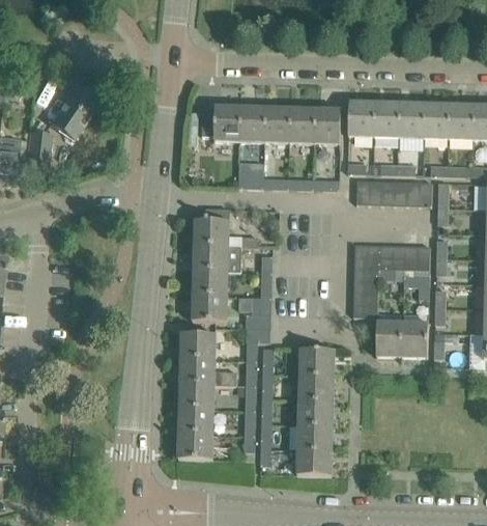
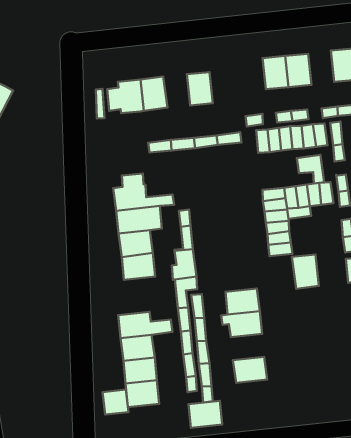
building: [348,102,374,136] -> none
building: [423,104,449,138] -> none
building: [264,107,290,142] -> none
building: [314,109,340,143] -> none
building: [403,269,429,299] -> [297,155,324,184]
building: [401,322,428,357] -> none
building: [180,333,216,359] -> none
building: [297,398,333,424] -> none
building: none -> [102,390,128,415]
building: [296,448,332,475] -> [189,401,222,428]

